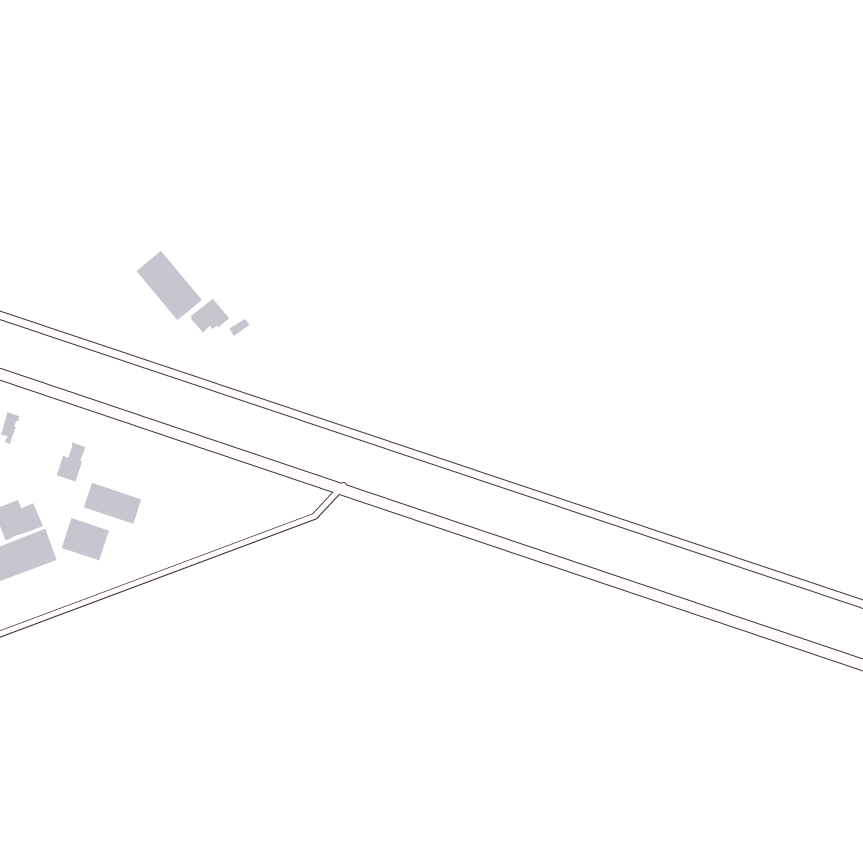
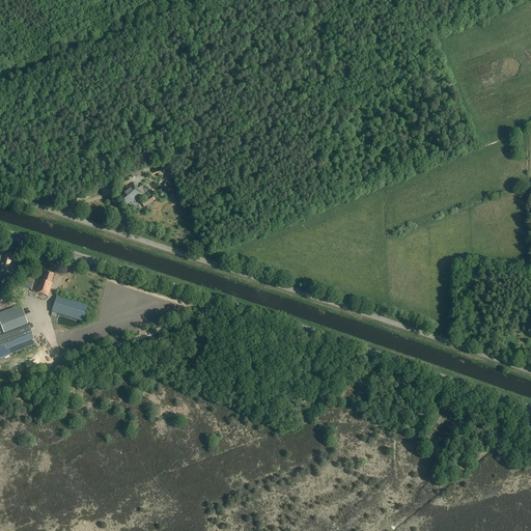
building: [135,250,203,321] -> none
building: [61,517,110,561] -> none

